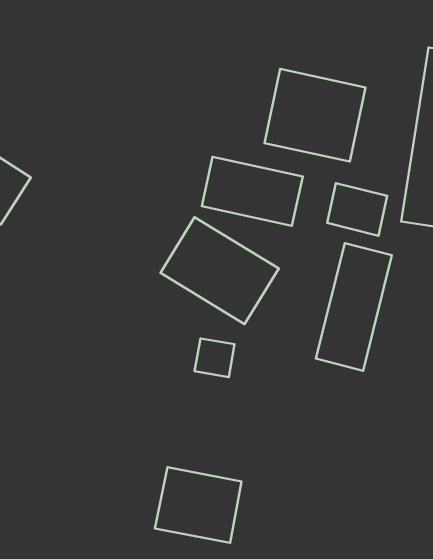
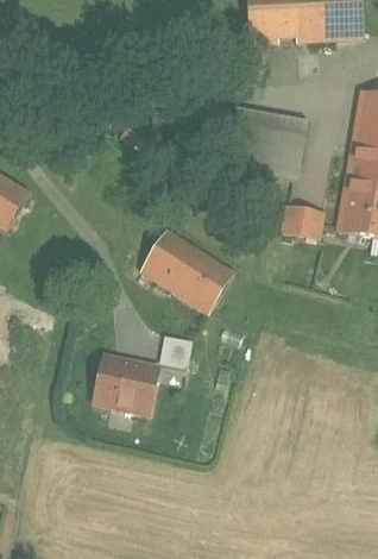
building: [202,157,303,226] -> none
building: [316,243,392,371] -> none
building: [155,467,242,543] -> [90,351,163,414]

